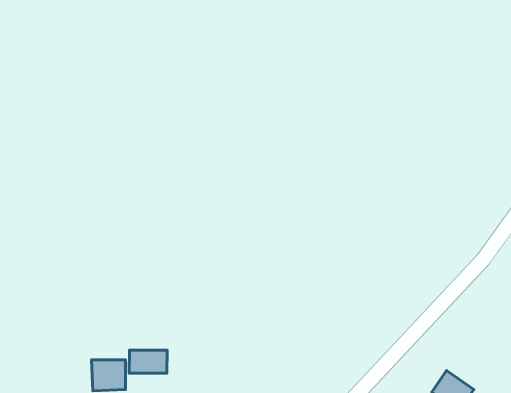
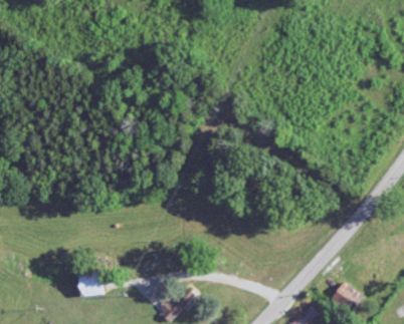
building: [129,350,167,373] -> none

